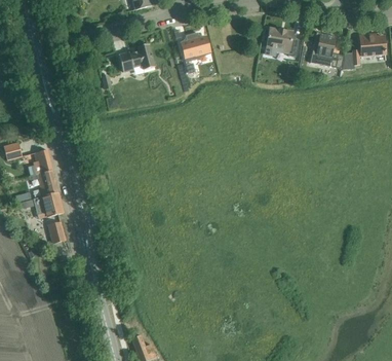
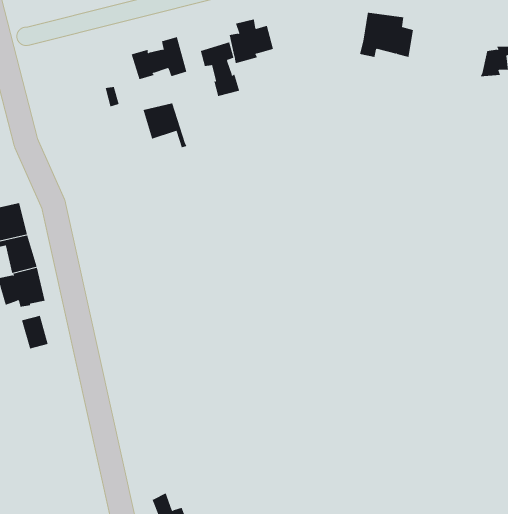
building: [310,32,344,69] -> none
building: none -> [200,42,240,97]
building: none -> [143,102,187,148]

